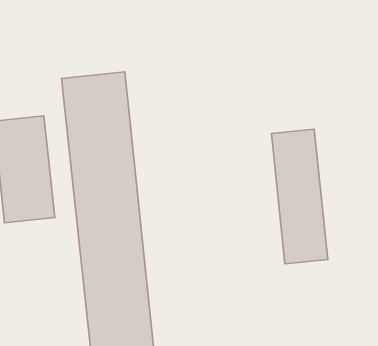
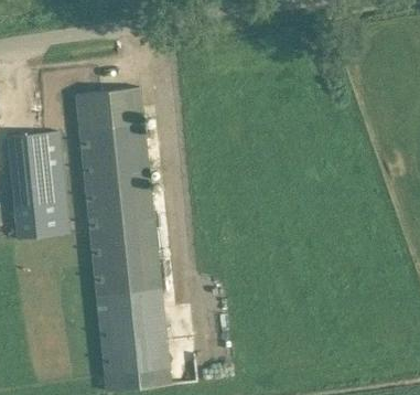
building: [271,129,328,264] -> none

